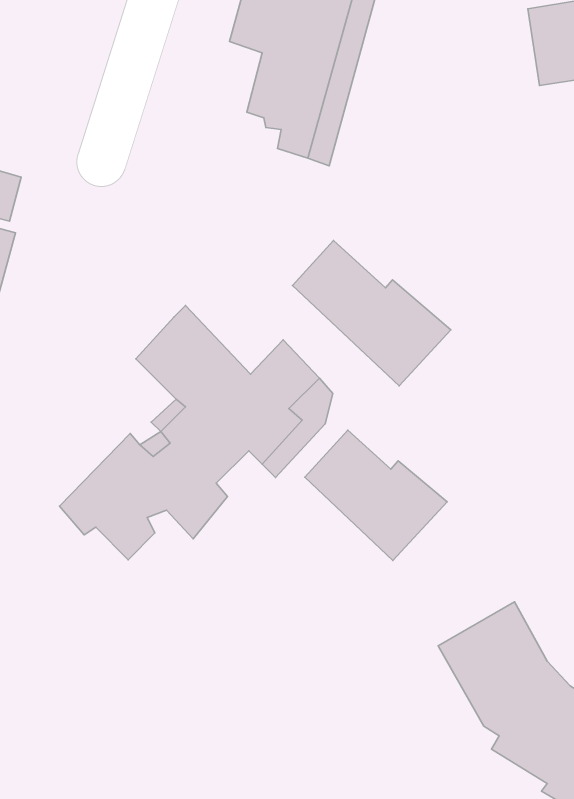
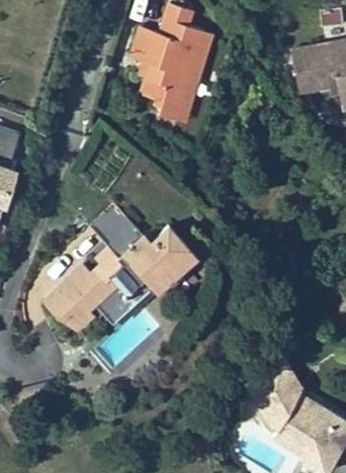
building: [293,240,451,386] -> none
building: [305,430,447,560] -> none

